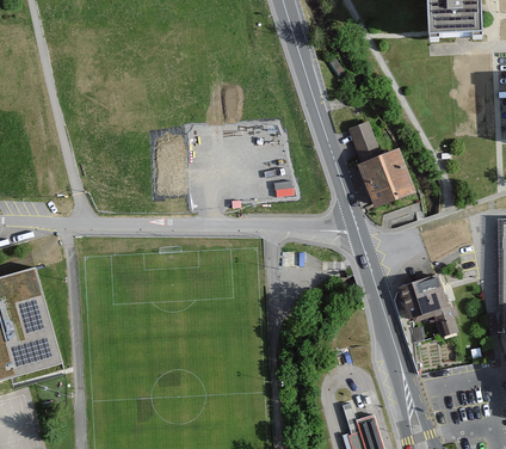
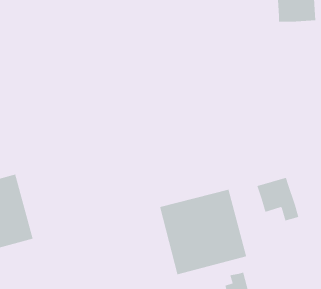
building: [346,121,413,207] -> none
building: none -> [160,189,247,275]

